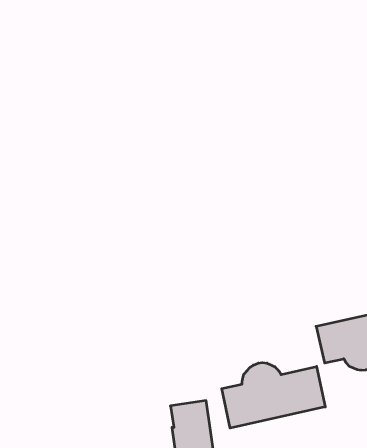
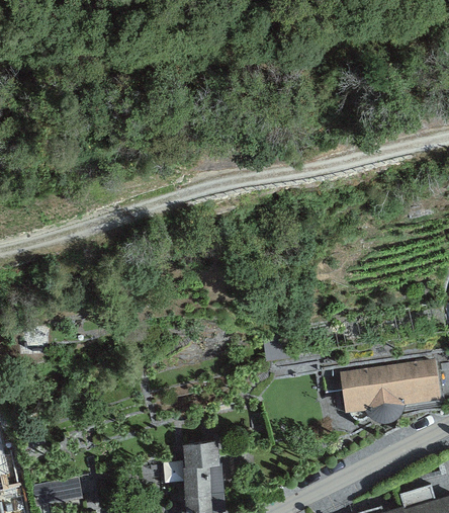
building: [222,363,325,428] -> none

